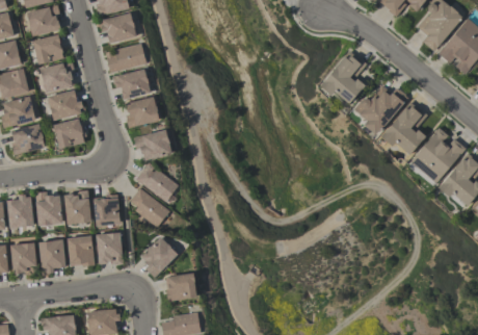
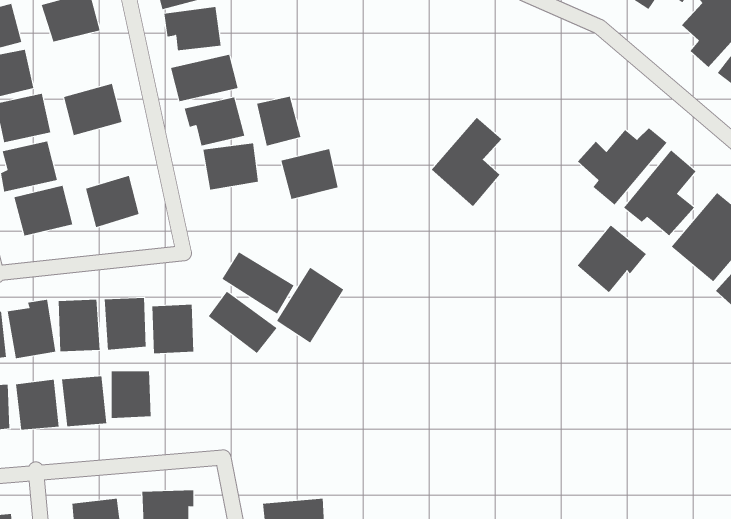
building: [33,34,63,62] -> none
building: [321,51,365,106] -> [431,117,502,207]
building: none -> [256,96,301,146]
building: [47,88,85,120] -> none
building: [136,129,171,160] -> [281,148,338,200]
building: none -> [577,225,647,293]
building: none -> [276,267,344,344]
building: [97,233,122,264] -> none
building: [138,236,179,276] -> none
building: [165,272,197,301] -> none

